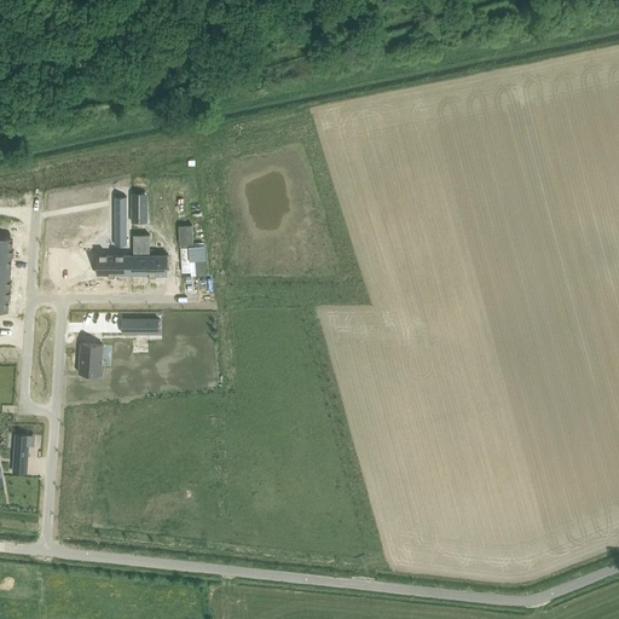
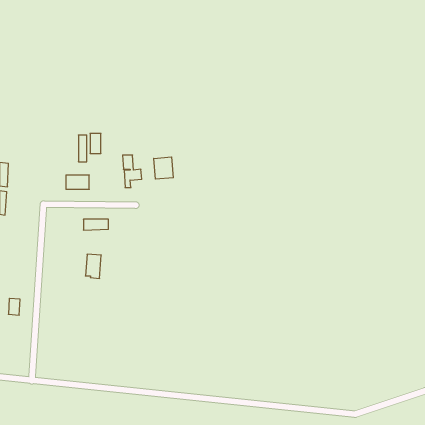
building: none -> [154,157,173,179]
building: [133,236,167,276] -> none
building: [79,343,102,378] -> [85,254,101,278]

